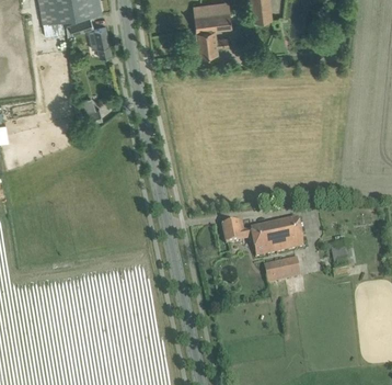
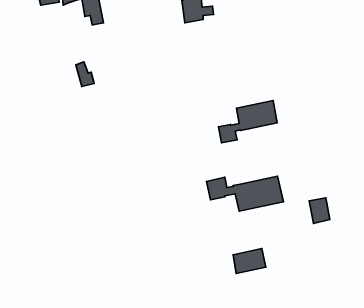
building: none -> [219,101,277,143]
building: [265,257,300,283] -> [233,249,266,273]

